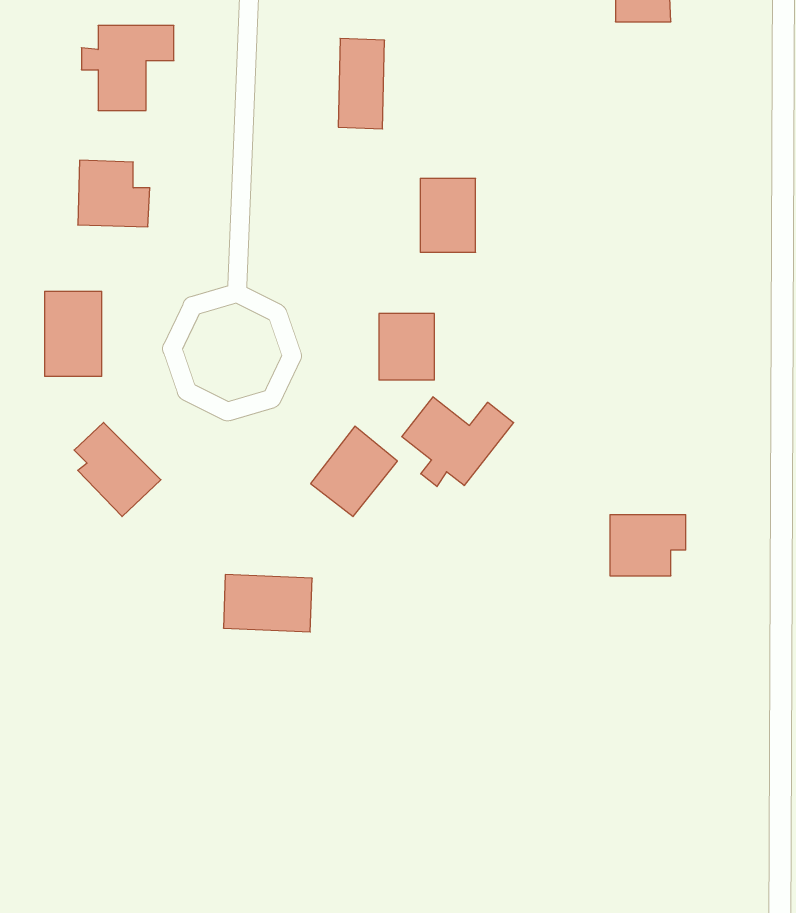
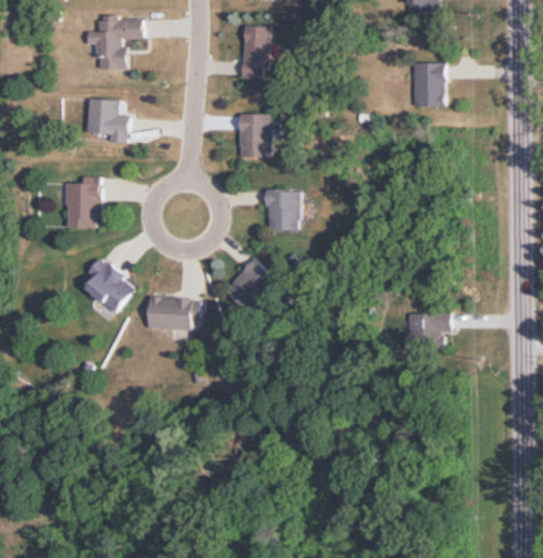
building: none -> [413,62,444,106]
building: [420,178,476,252] -> [238,114,272,158]
building: [402,397,514,487] -> none
building: [223,575,312,632] -> [146,296,199,330]

